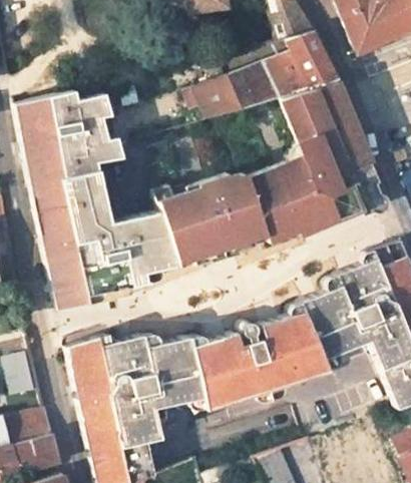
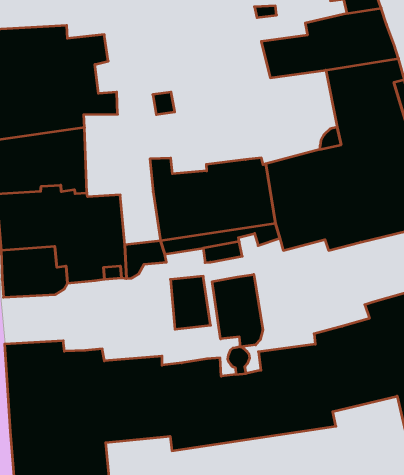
building: [185,76,240,118] -> none
building: [136,210,172,255] -> [170,276,211,329]
building: none -> [212,274,263,347]

